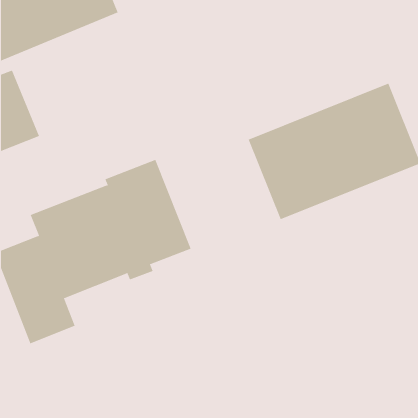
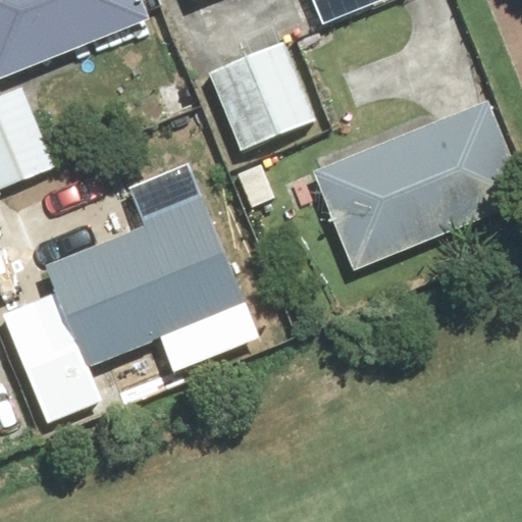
building: none -> [206,40,319,153]

